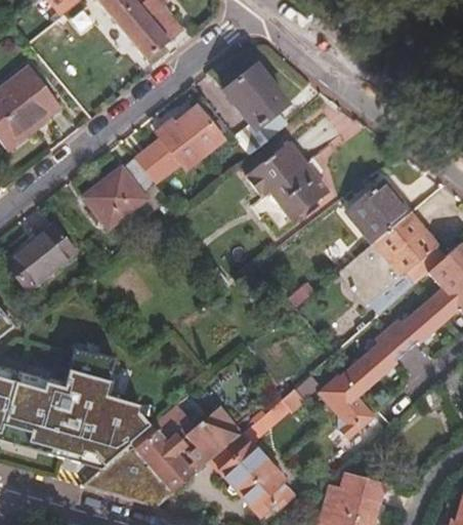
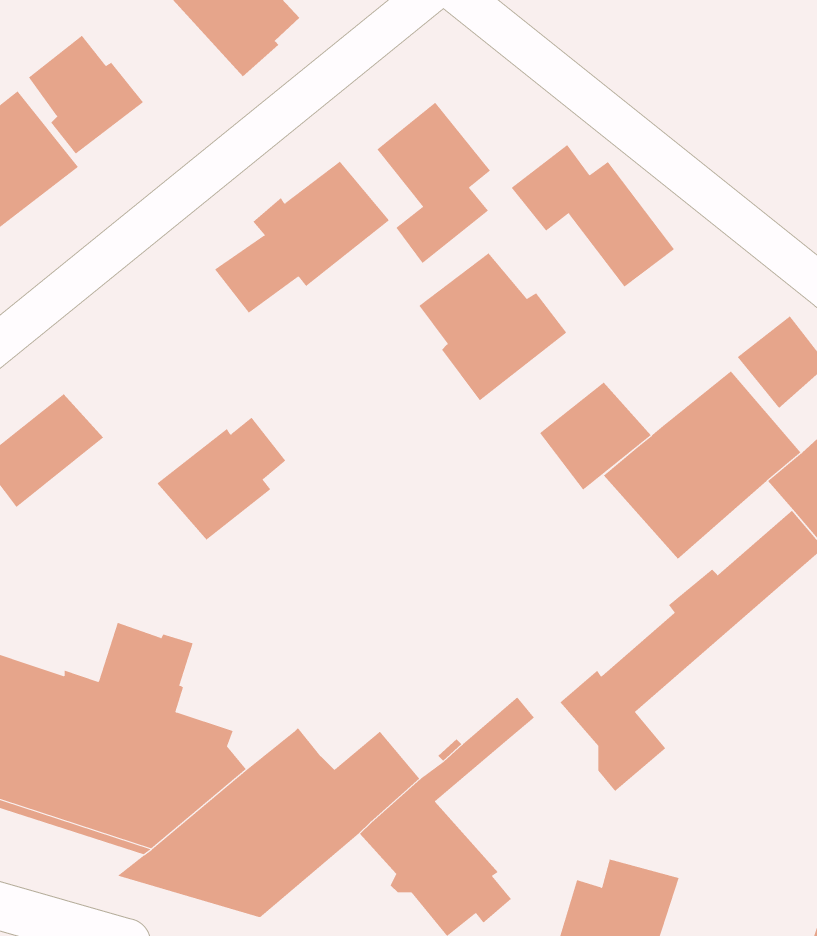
building: none -> [28,35,144,155]
building: none -> [511,144,675,288]
building: [82,158,152,225] -> [157,417,286,541]
building: [350,184,411,242] -> [539,382,652,490]

